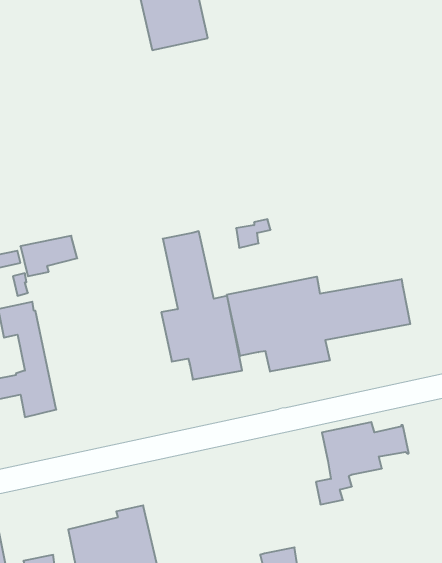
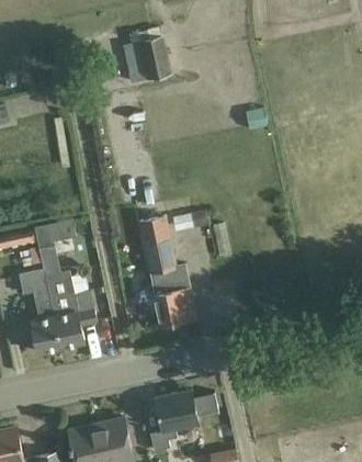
building: [227,277,410,372] -> none
building: none -> [45,270,97,347]
building: [316,422,409,504] -> [150,390,218,450]

